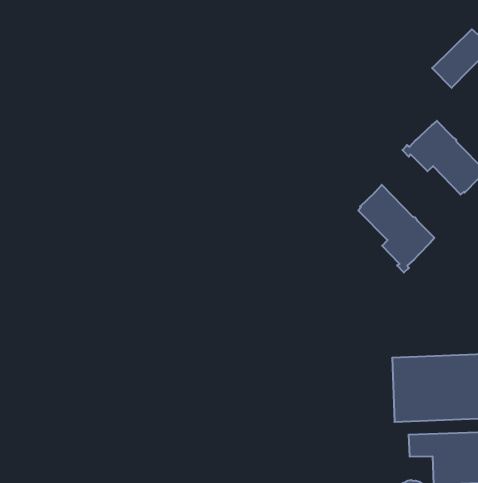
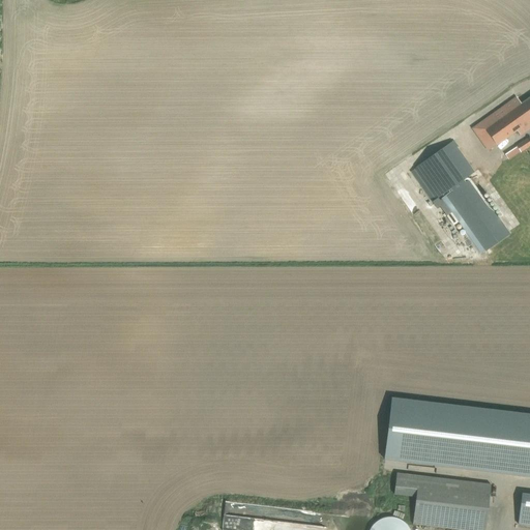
building: none -> [411,142,474,202]
building: [358,185,434,273] -> none

